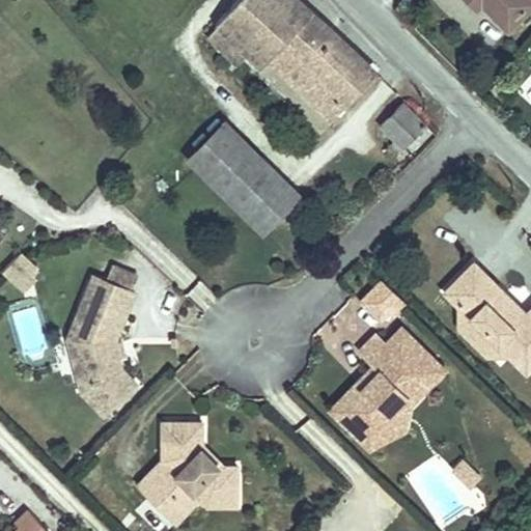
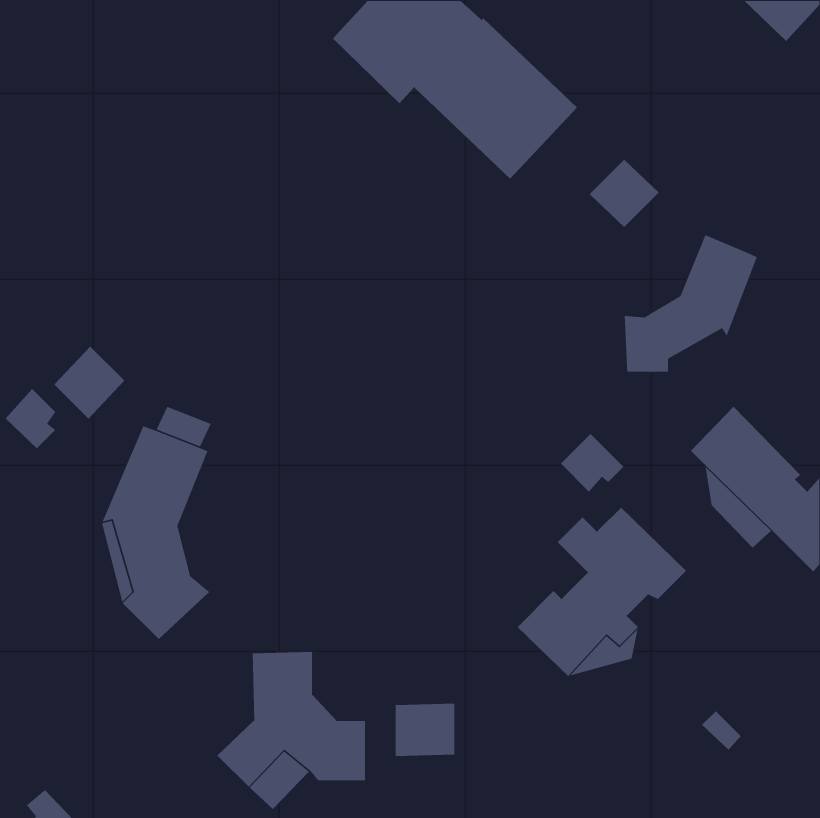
building: [189,123,299,232] -> none
building: none -> [624,234,758,373]
building: none -> [53,346,125,419]
building: none -> [395,703,455,757]

